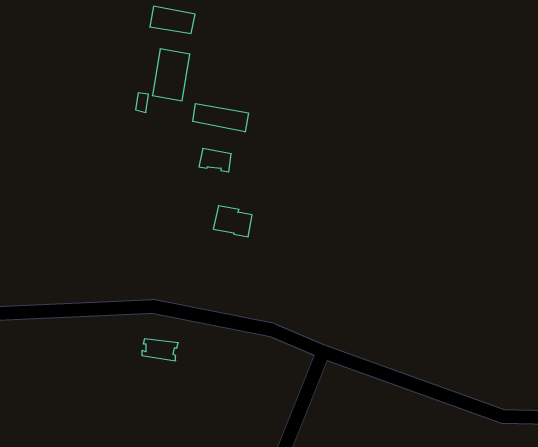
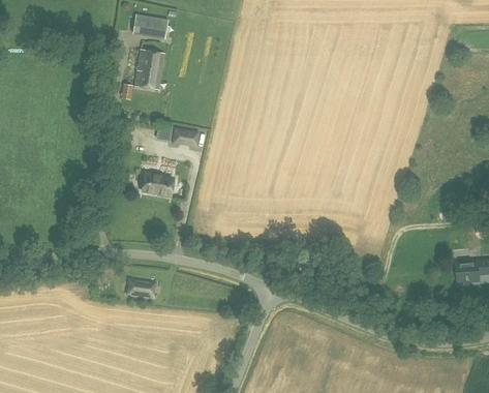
building: [193,104,248,132] -> none
building: [213,206,252,237] -> [141,171,172,195]

